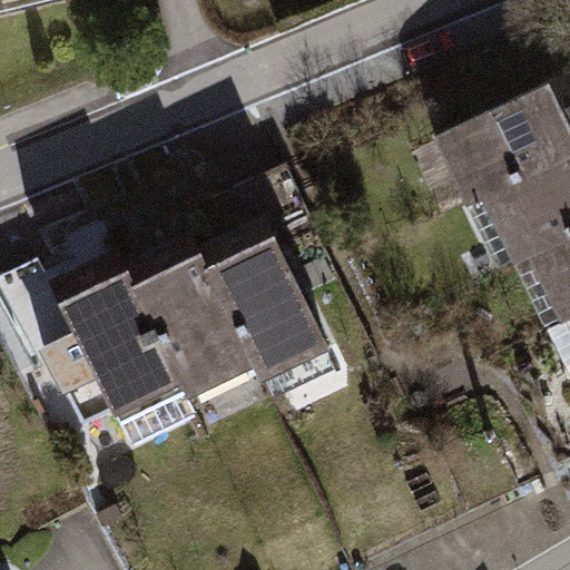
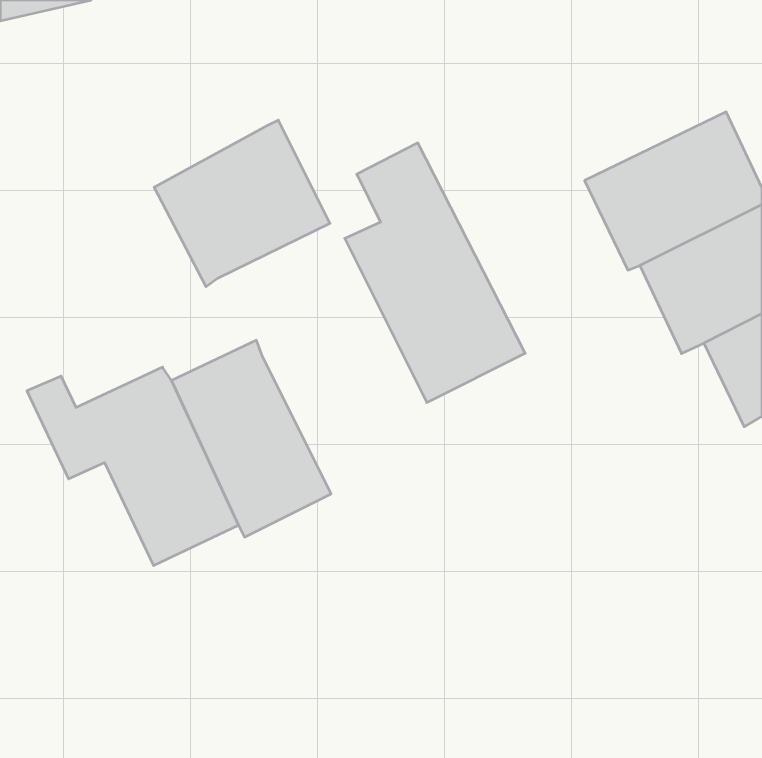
building: none -> [154,120,330,287]
building: [196,198,331,392] -> [345,143,525,403]

